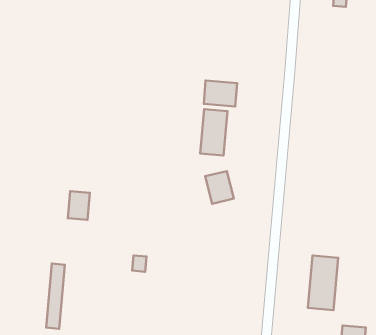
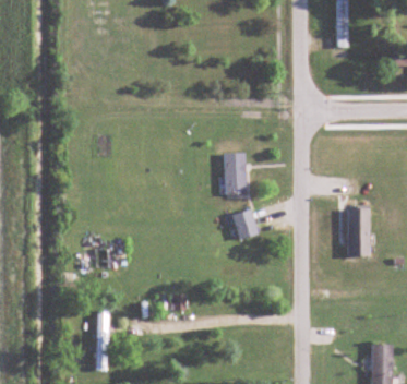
building: [204,80,237,106] -> none
building: [308,256,338,310] -> [346,207,370,256]

